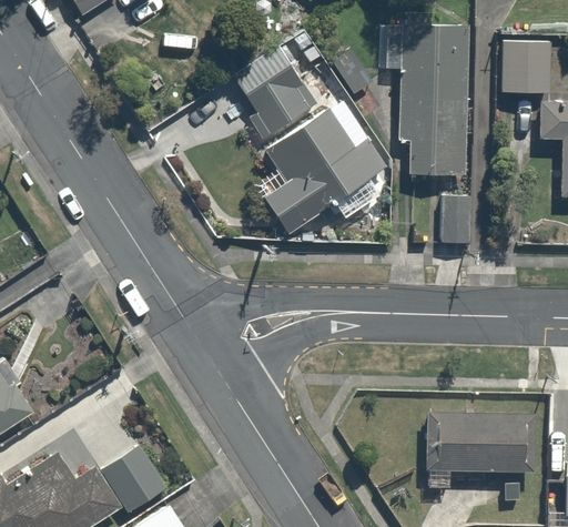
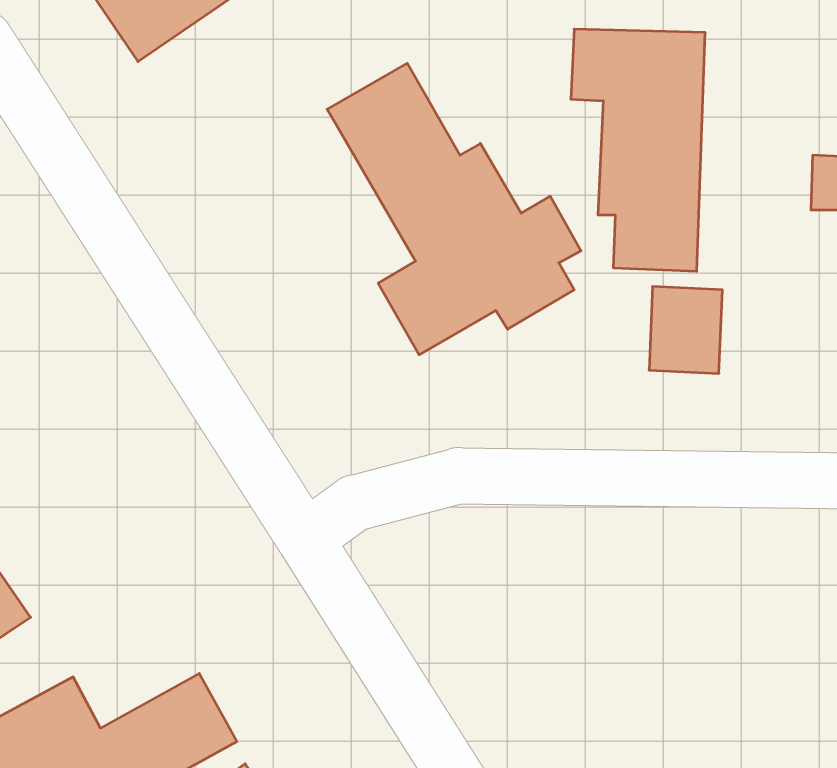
building: [499,40,550,99] -> none
building: [426,407,528,493] -> none

